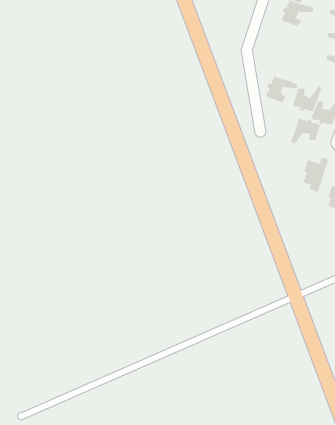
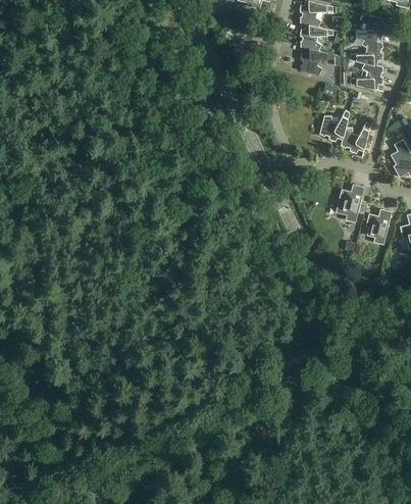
building: [266,76,298,103] -> [300,48,332,75]
building: [291,118,321,144] -> none

